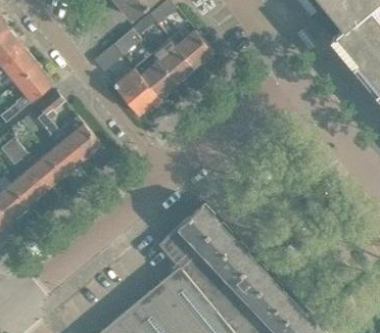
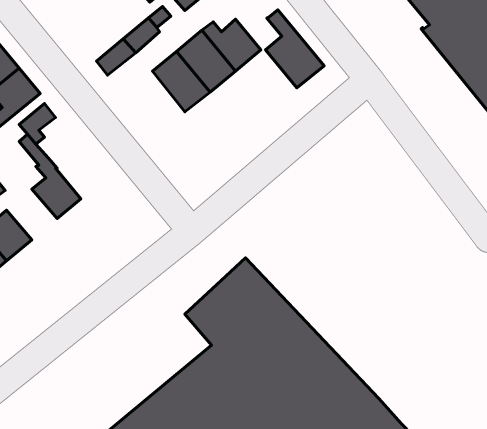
building: none -> [265,10,324,88]
building: [113,67,162,114] -> none
building: [59,115,102,160] -> none
building: [29,153,65,190] -> none

